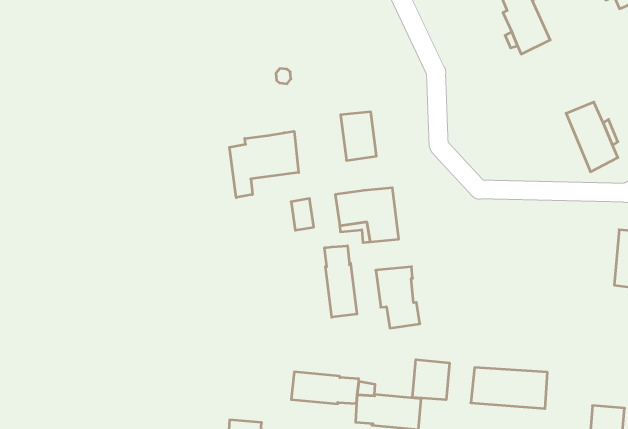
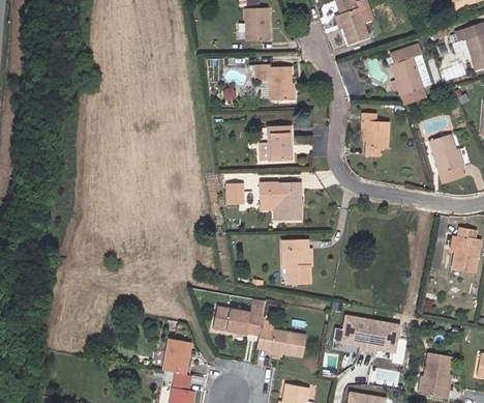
building: none -> [255,64,291,99]
building: none -> [359,113,390,156]
building: [229,131,299,198] -> none
building: [325,246,357,317] -> none
building: [412,360,449,400] -> none

